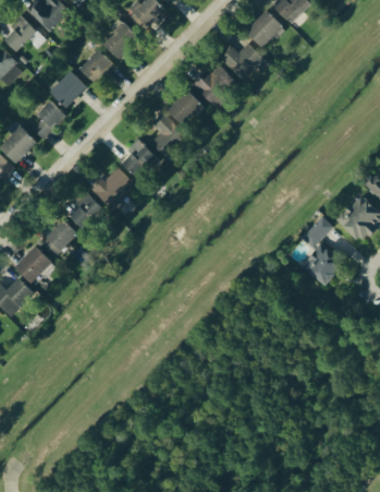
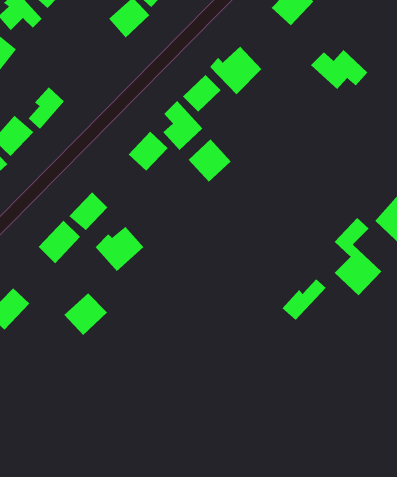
building: [218,43,269,79] -> [310,49,368,90]
building: [79,49,112,82] -> none
building: [50,70,87,107] -> none
building: none -> [188,139,232,183]
building: [91,167,135,207] -> [95,226,144,272]
building: [14,245,53,284] -> [63,293,108,336]
building: none -> [281,279,327,321]

